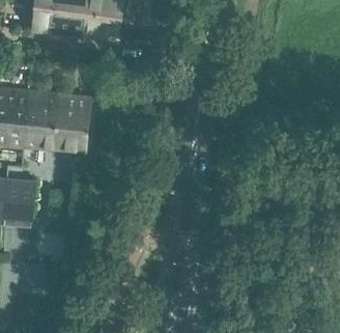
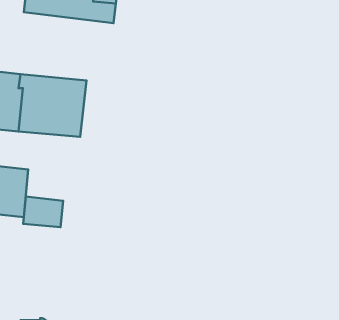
building: none -> [23,196,63,227]

